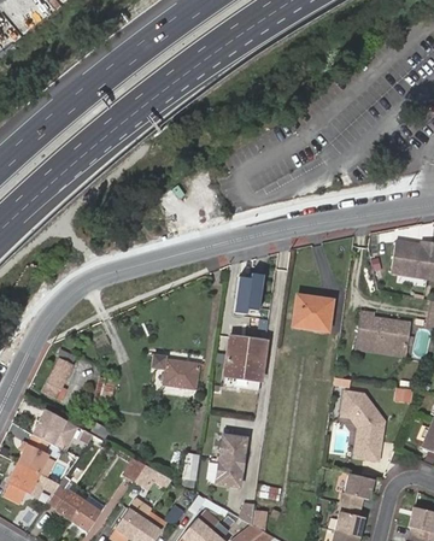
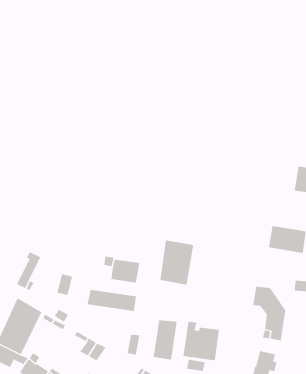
building: [234,274,265,314] -> none
building: [293,294,334,331] -> none
building: none -> [87,289,137,312]
building: none -> [183,321,220,361]

